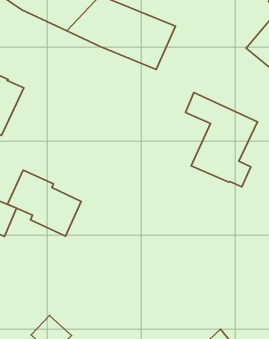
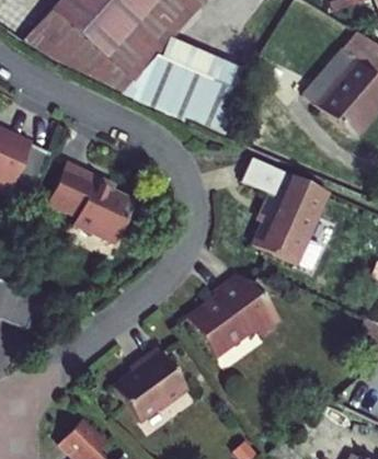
building: [8,170,81,236] -> [47,161,135,240]
building: none -> [190,278,284,360]
building: none -> [113,348,188,423]

